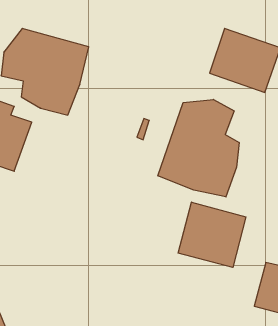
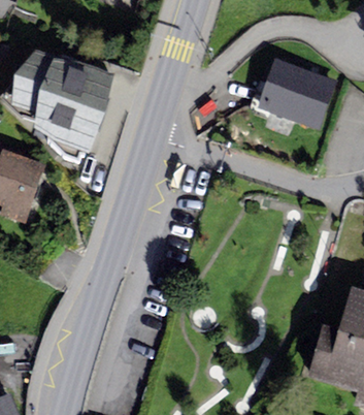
building: [158,99,239,197] -> none
building: [178,202,246,267] -> none

